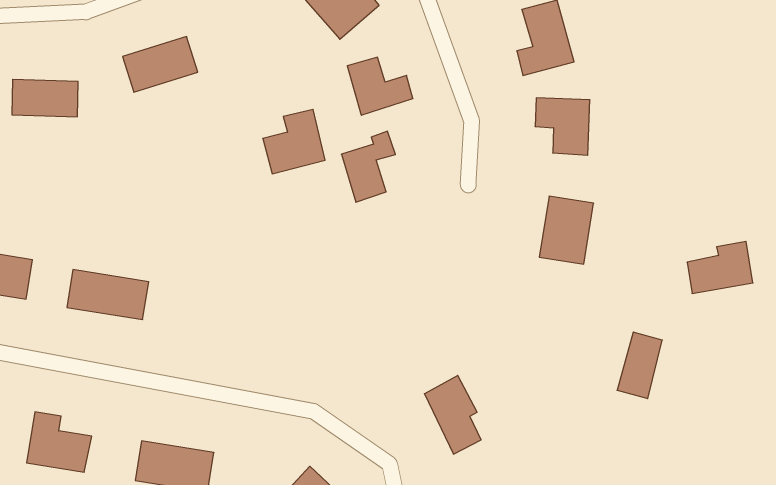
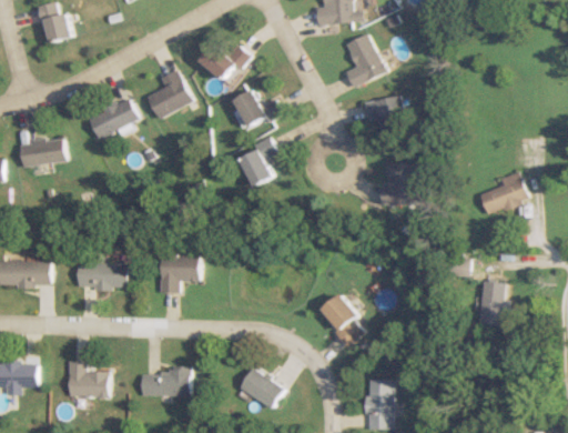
building: [263,109,325,174] -> [148,71,191,118]
building: none -> [160,255,199,293]
building: [617,332,662,399] -> [478,282,503,324]

